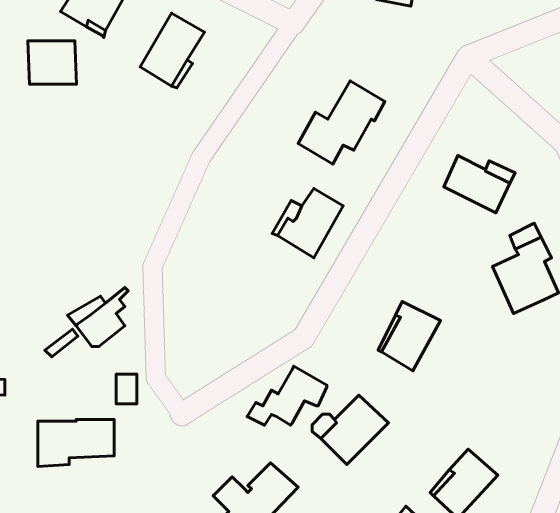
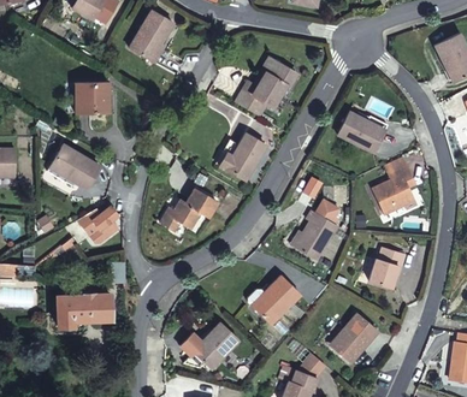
building: [28,41,77,84] -> [76,82,110,112]
building: none -> [49,147,101,191]
building: none -> [370,248,407,288]
building: [247,366,327,425] -> [167,190,223,231]

